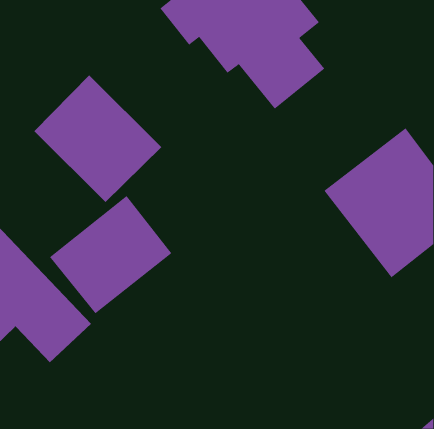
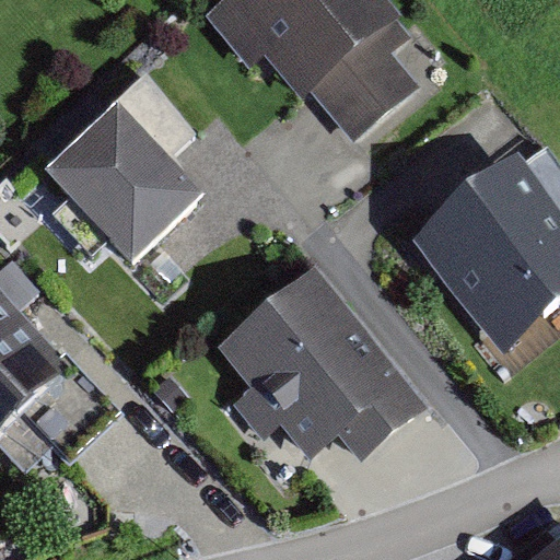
building: [49,195,172,314] -> none
building: none -> [219,266,428,463]

